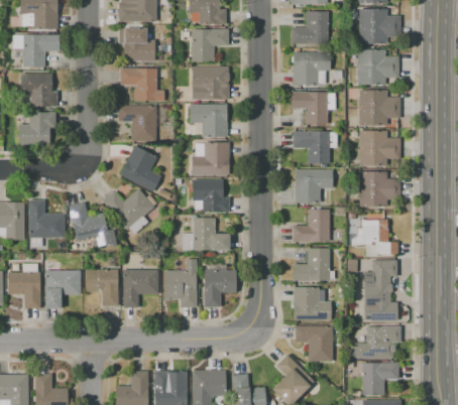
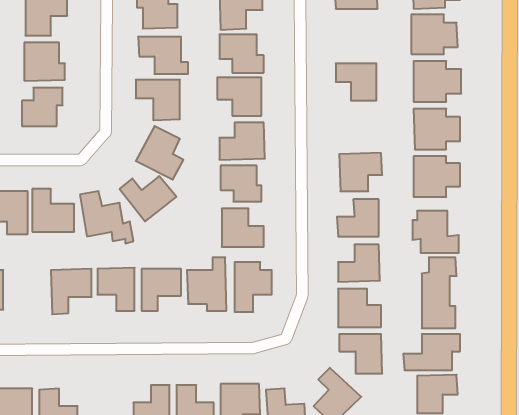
building: [293,51,330,85] -> none
building: [293,131,329,164] -> none
building: [7,272,39,308] -> none

